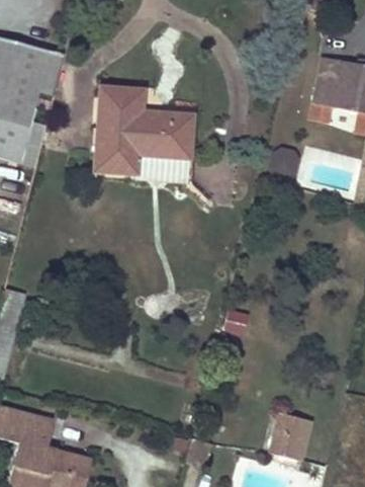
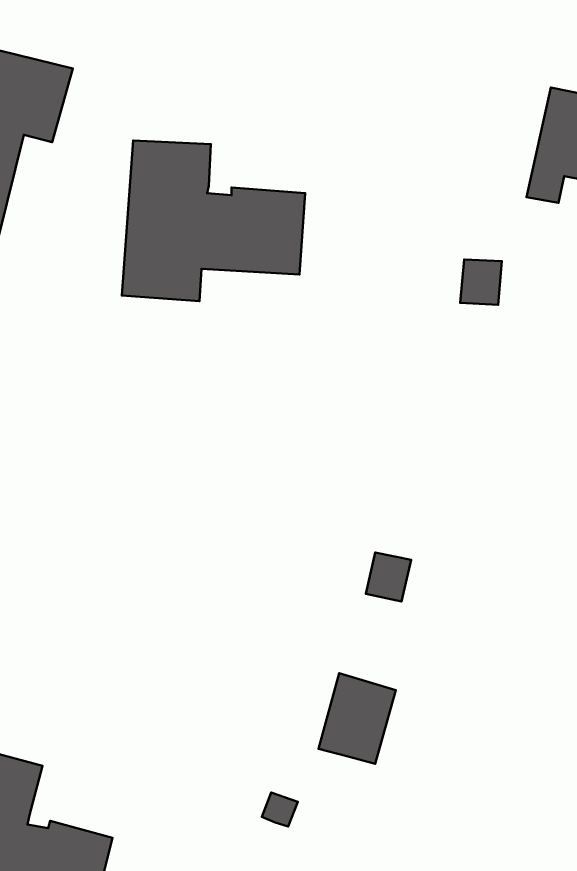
building: [270,413,311,462] -> [319,673,396,764]

